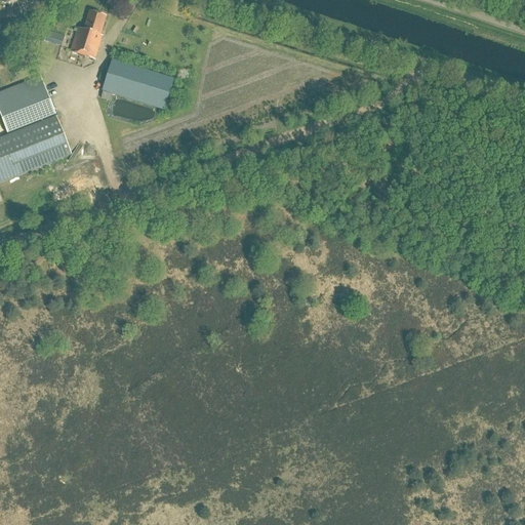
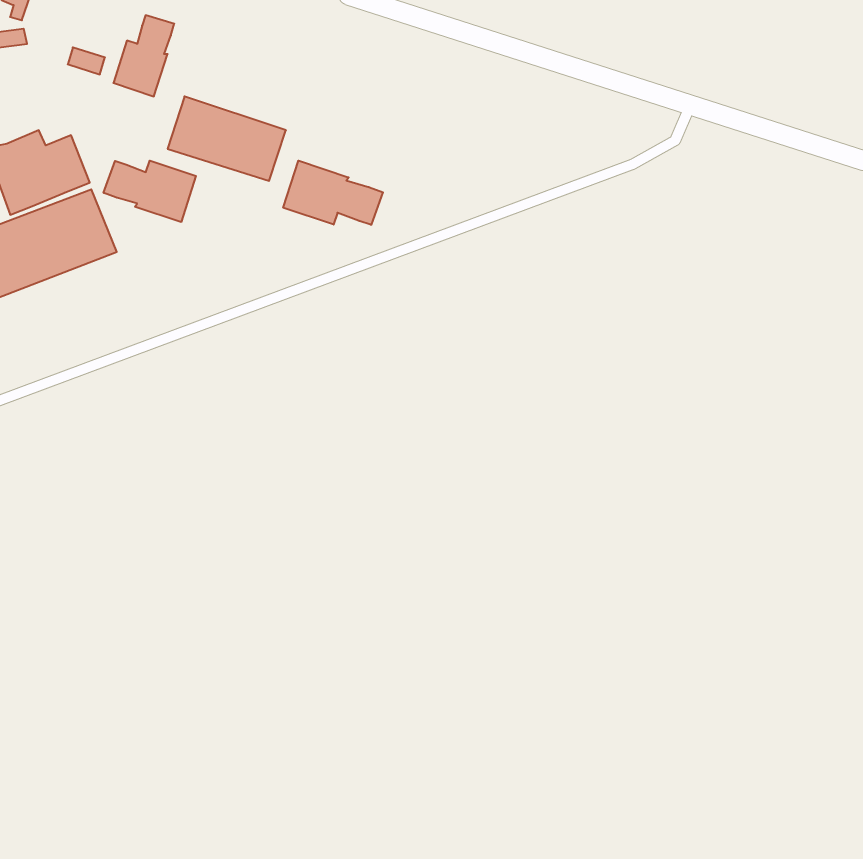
building: none -> [104,161,196,222]
building: none -> [283,161,383,225]

